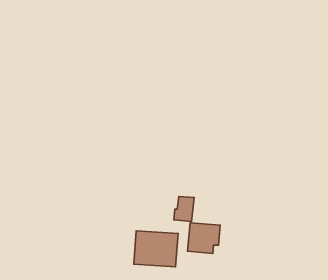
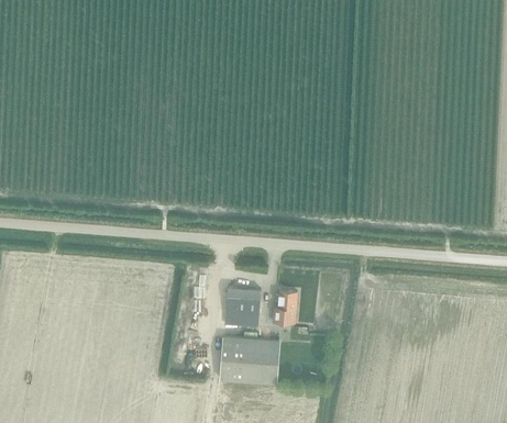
building: [188,223,220,254] -> [224,289,267,330]

